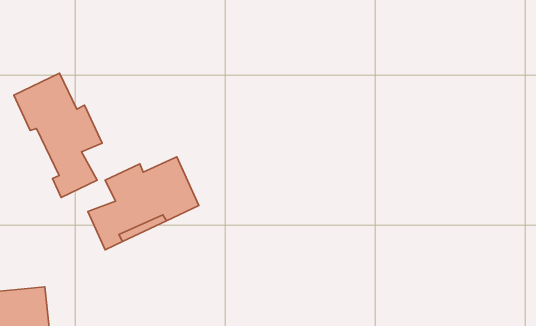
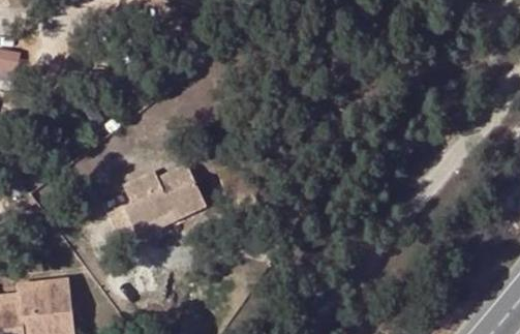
building: [14,73,102,197] -> none

